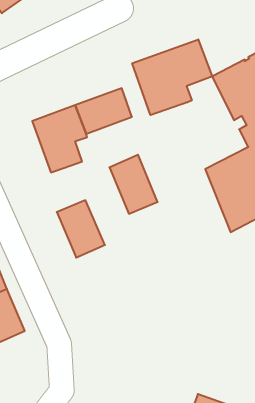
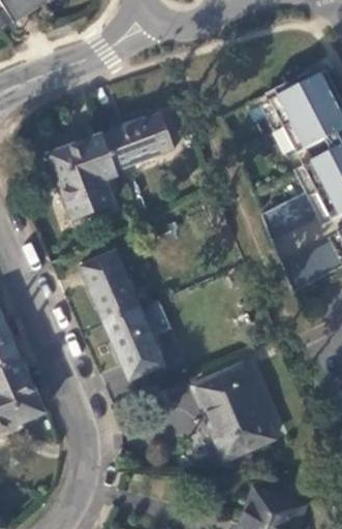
building: [132,39,212,115] -> none
building: [109,155,158,214] -> [105,306,164,378]
building: none -> [193,364,274,457]

